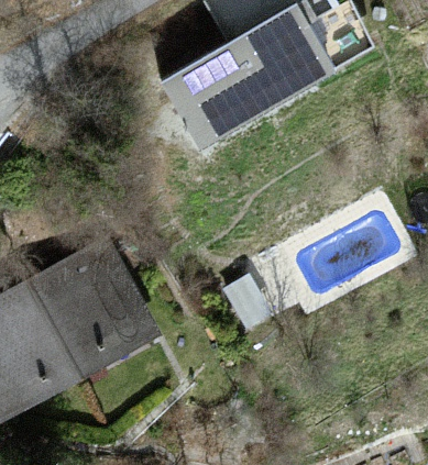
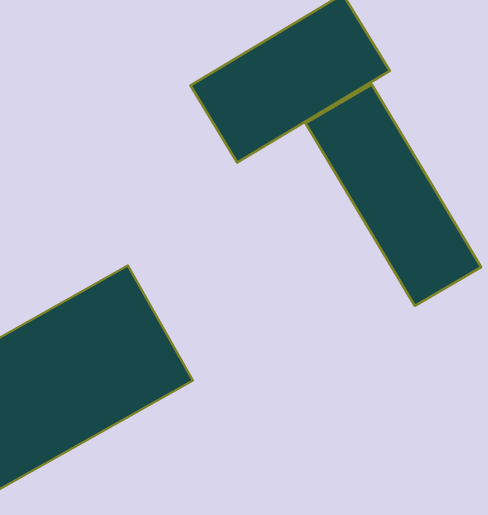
building: none -> [305,84,481,306]

